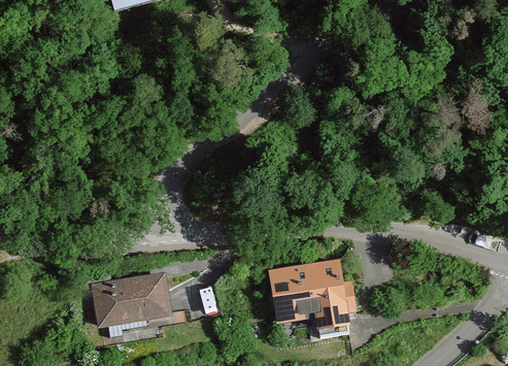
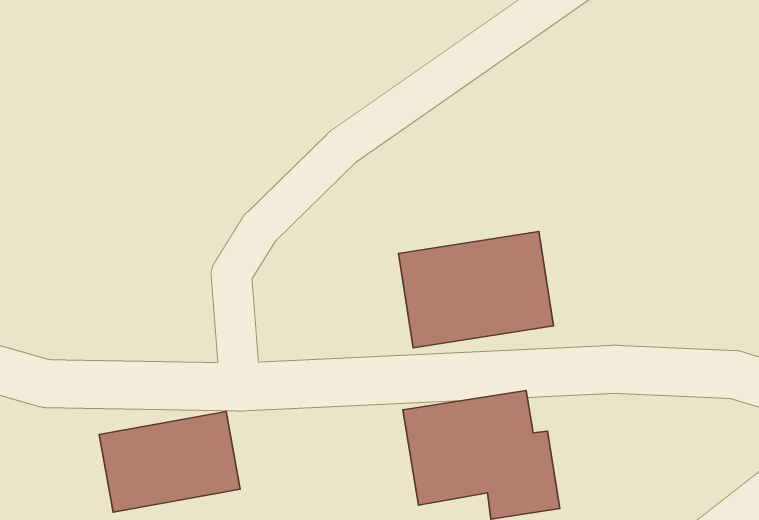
building: none -> [399,231,553,348]

